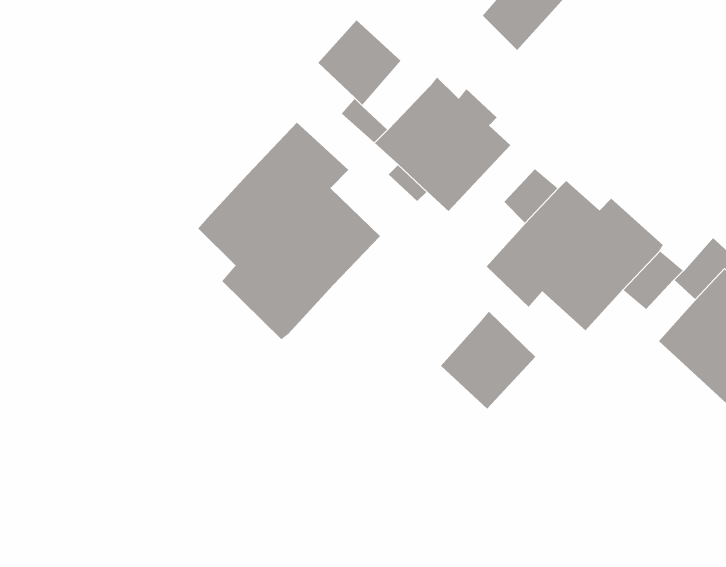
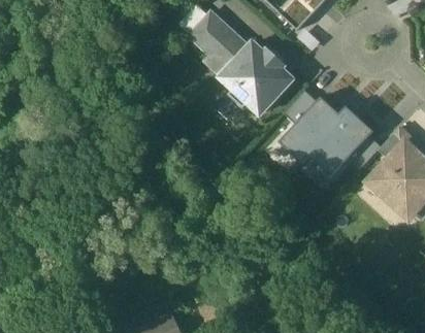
building: none -> [214,35,249,71]
building: [197,122,381,340] -> none
building: [440,311,536,410] -> none

